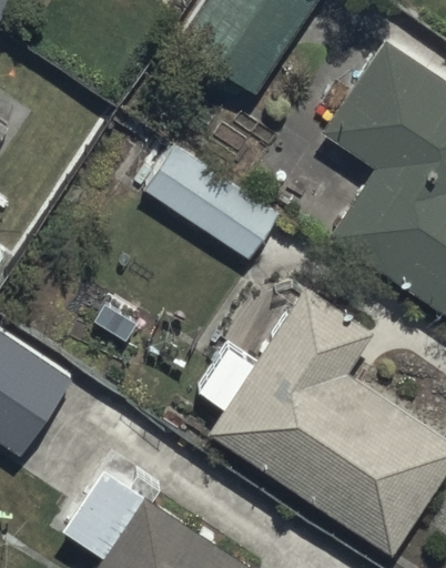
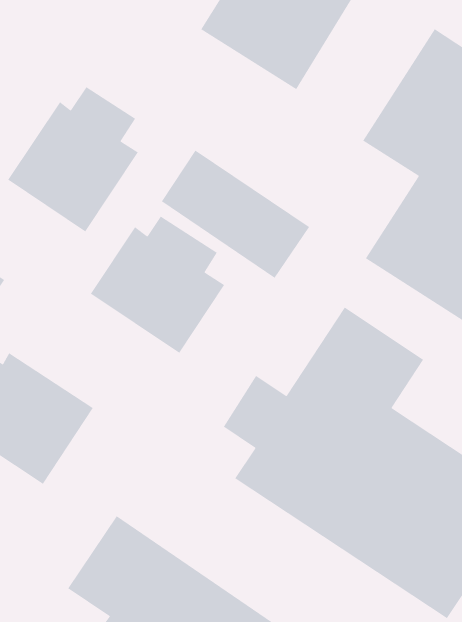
building: none -> [7,86,139,232]
building: none -> [90,215,225,354]

